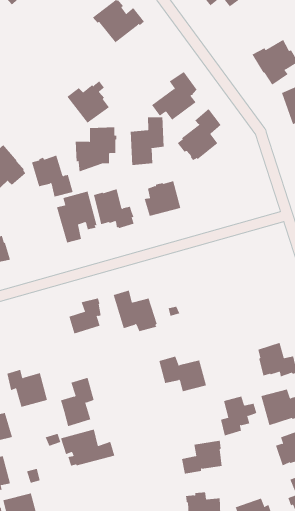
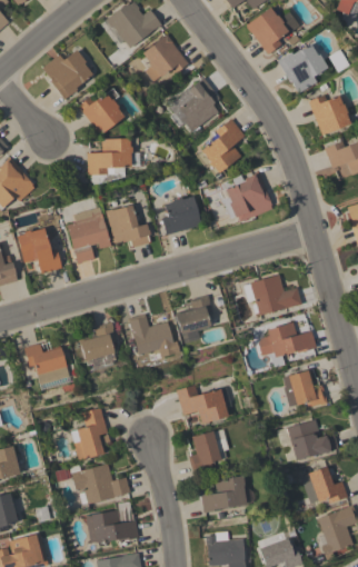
building: none -> [246,7,300,54]
building: none -> [142,34,189,82]
building: none -> [42,49,93,99]
building: [130,117,164,166] -> none
building: [31,155,74,197] -> [17,228,62,273]
building: none -> [218,172,272,222]
building: none -> [243,275,301,316]
building: none -> [176,295,212,334]
building: none -> [259,322,317,358]
building: [6,369,48,407] -> [24,344,69,385]
building: [220,396,257,436] -> [189,430,229,474]
building: none -> [87,501,139,543]

